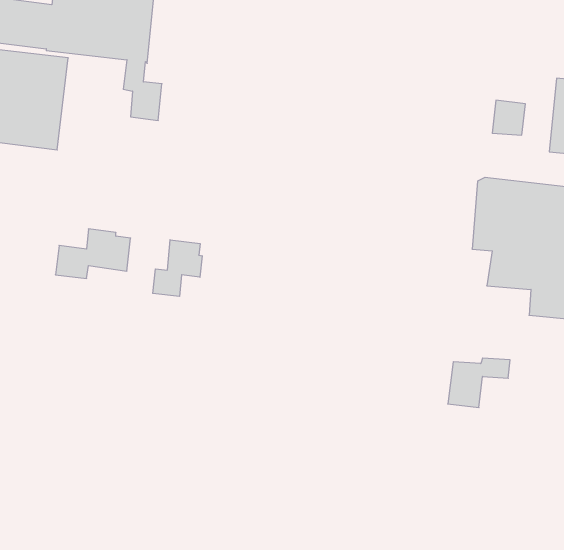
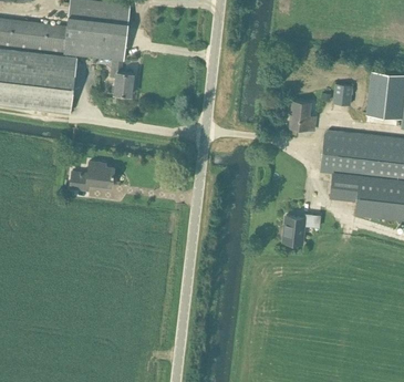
building: none -> [289,102,315,131]
building: [153,240,202,296] -> none
building: [448,358,510,408] -> [282,215,320,245]

